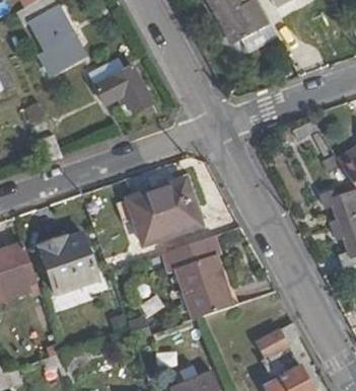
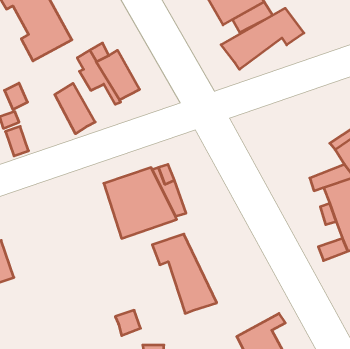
building: none -> [221,8,304,69]
building: none -> [55,83,95,134]
building: [42,235,99,294] -> none

